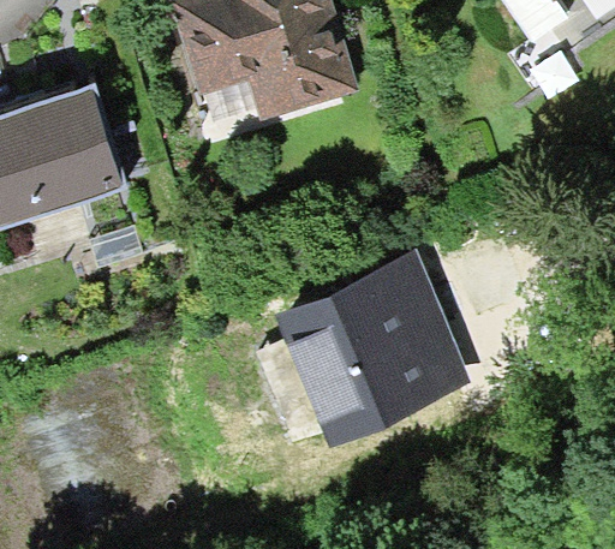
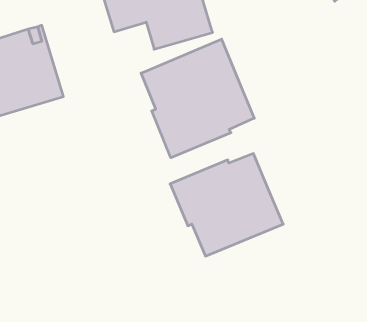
building: none -> [141,39,254,158]

